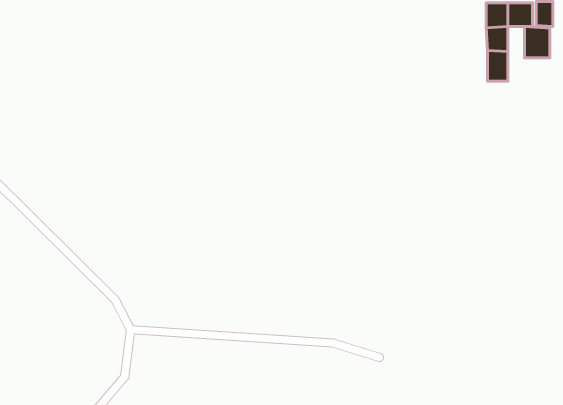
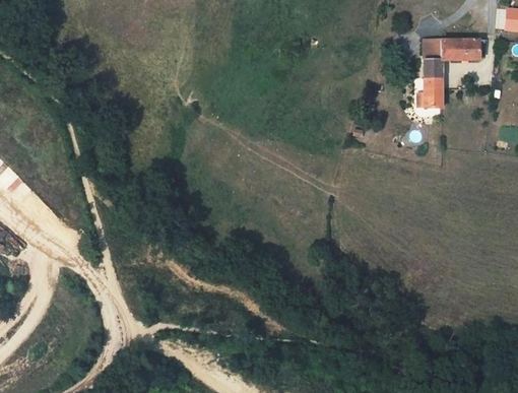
building: [525,27,550,58] -> none

